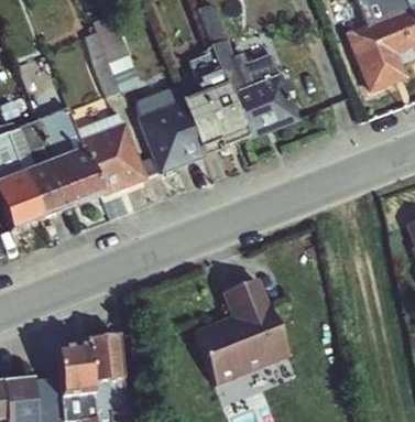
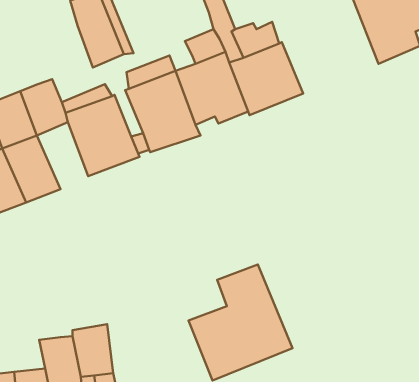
building: [54,147,102,208] -> none

